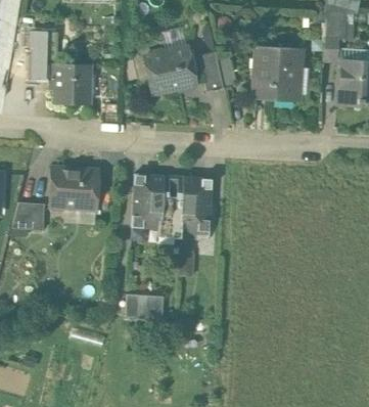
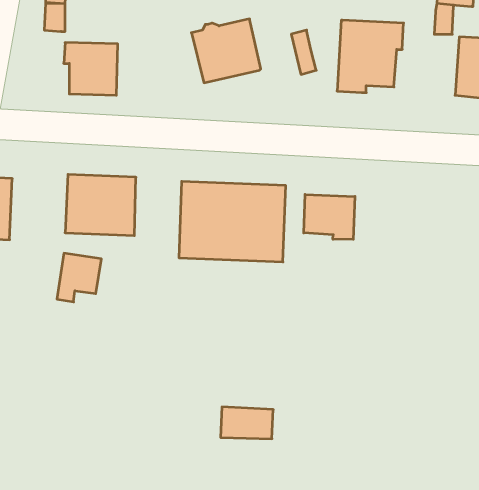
building: [197,54,223,94] -> none
building: none -> [304,194,355,239]
building: [12,201,45,237] -> [57,253,101,302]
building: [125,295,164,318] -> [221,407,273,439]

